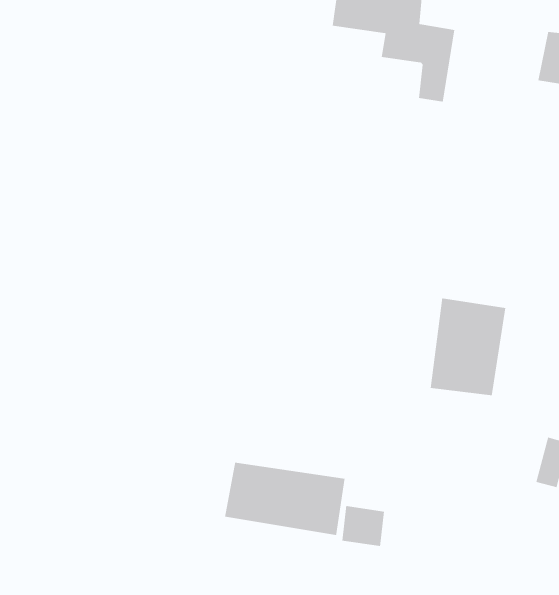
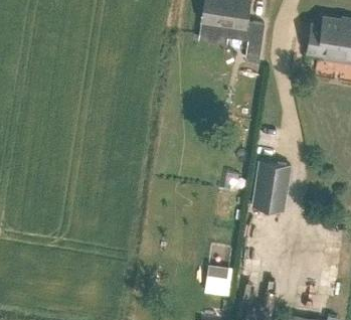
building: [224,462,345,536] -> none

